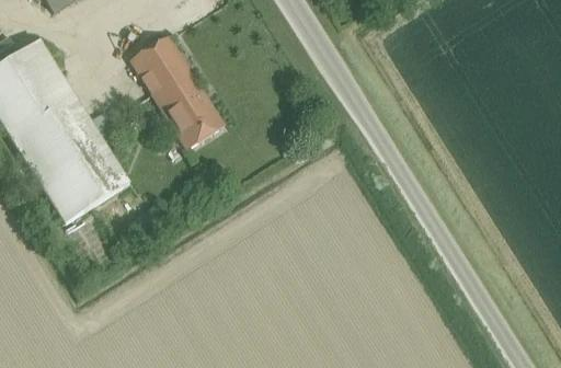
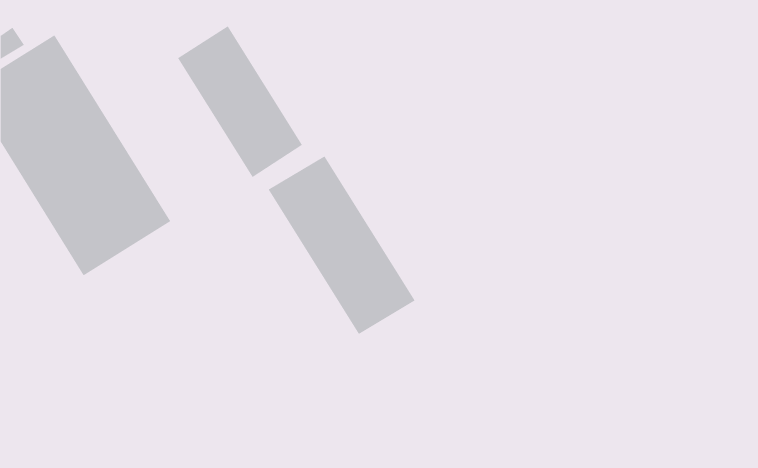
building: none -> [268,155,415,335]

